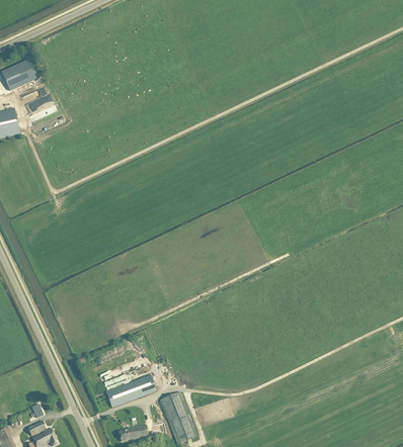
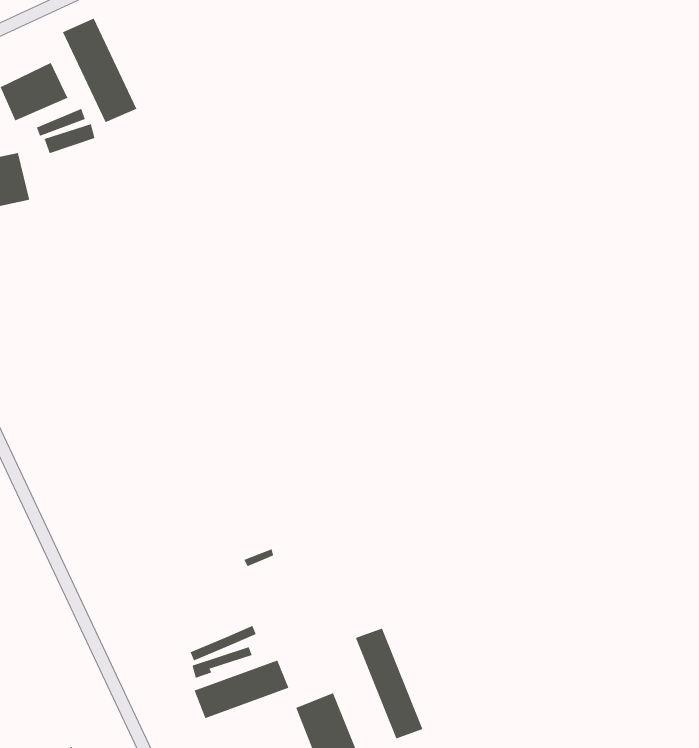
building: none -> [62,18,137,123]
building: none -> [355,628,423,739]

